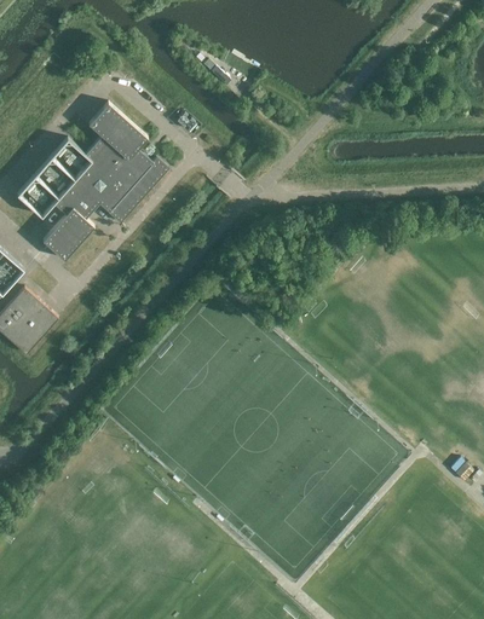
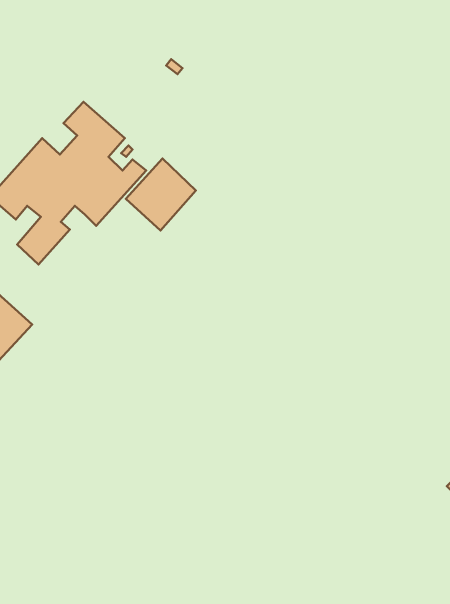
building: none -> [126,159,196,231]

